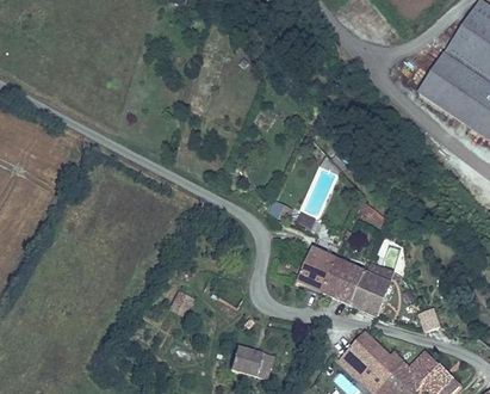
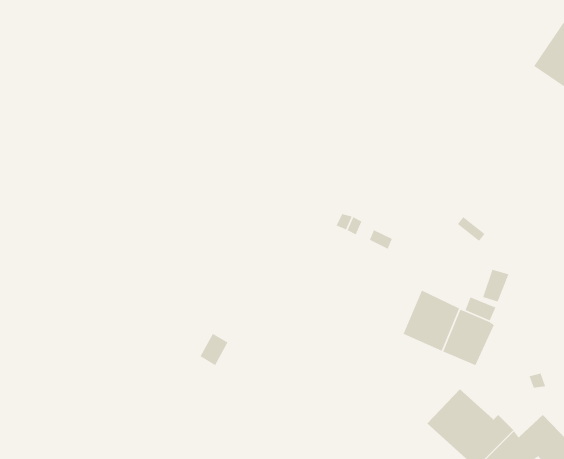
building: [298,248,336,291] -> none
building: [230,345,273,377] -> none

